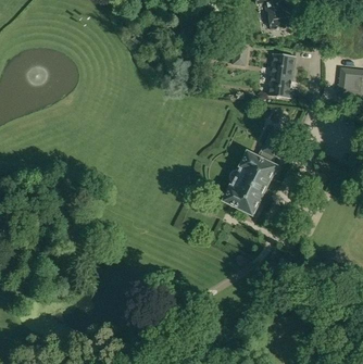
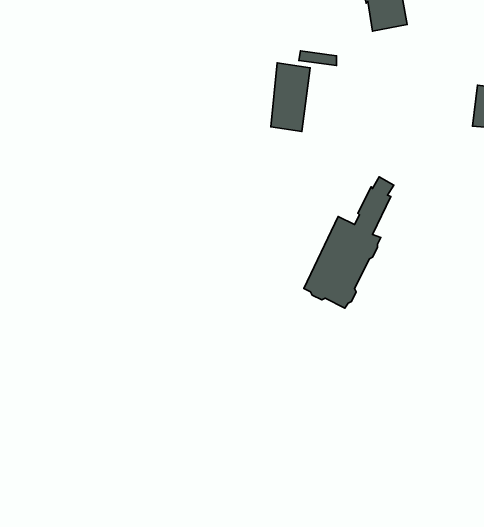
building: [268,52,295,98] -> [271,63,310,132]

